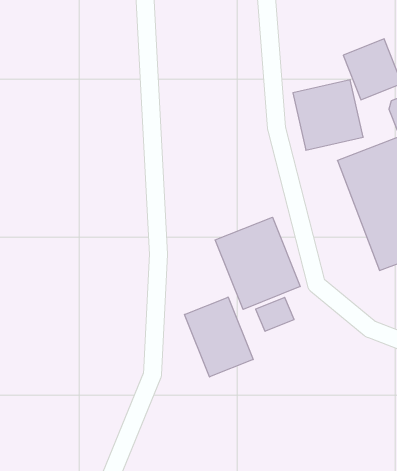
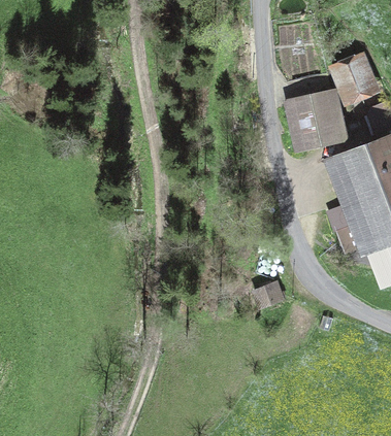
building: [215,217,300,309] -> none
building: [185,297,253,377] -> none

